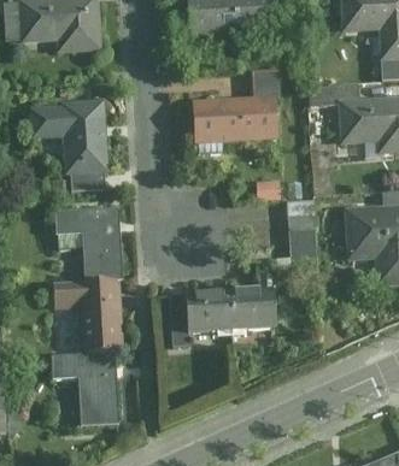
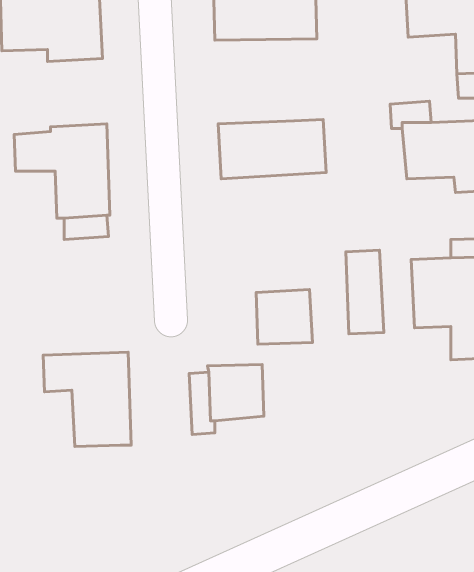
building: [251,69,281,96] -> none
building: [54,207,121,281] -> none
building: [227,287,271,330] -> [256,289,312,344]
building: [51,353,118,425] -> none

